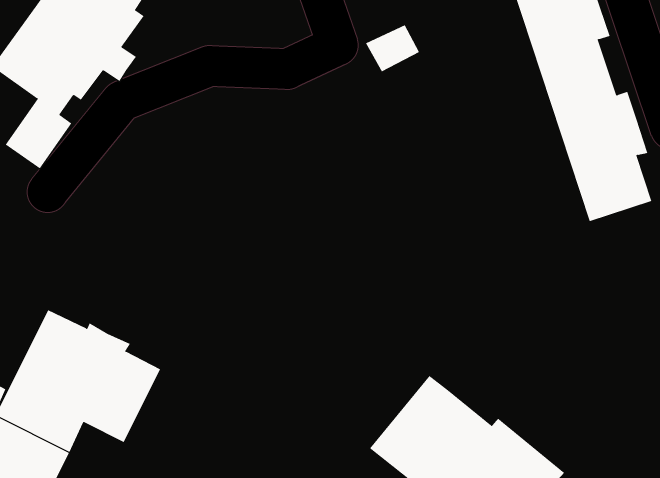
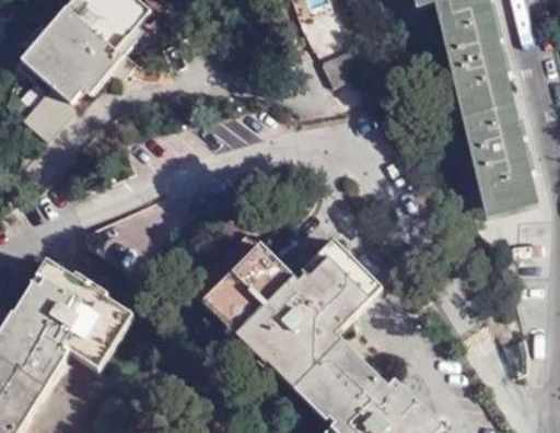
building: none -> [203,232,392,386]

